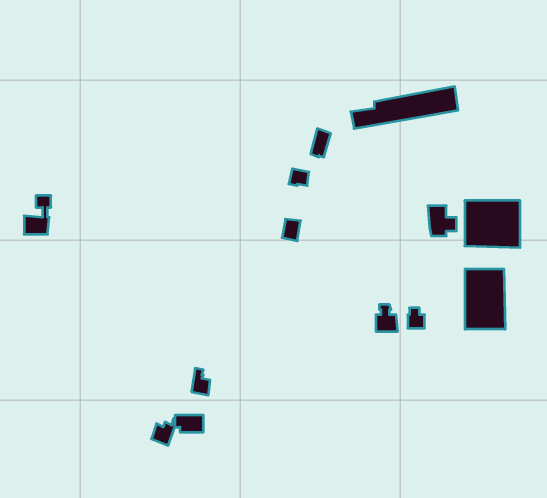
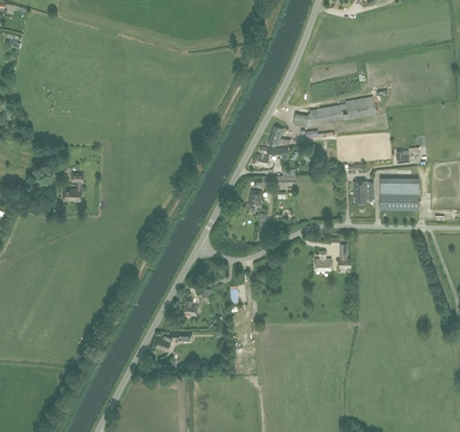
building: [465,269,505,329] -> none

